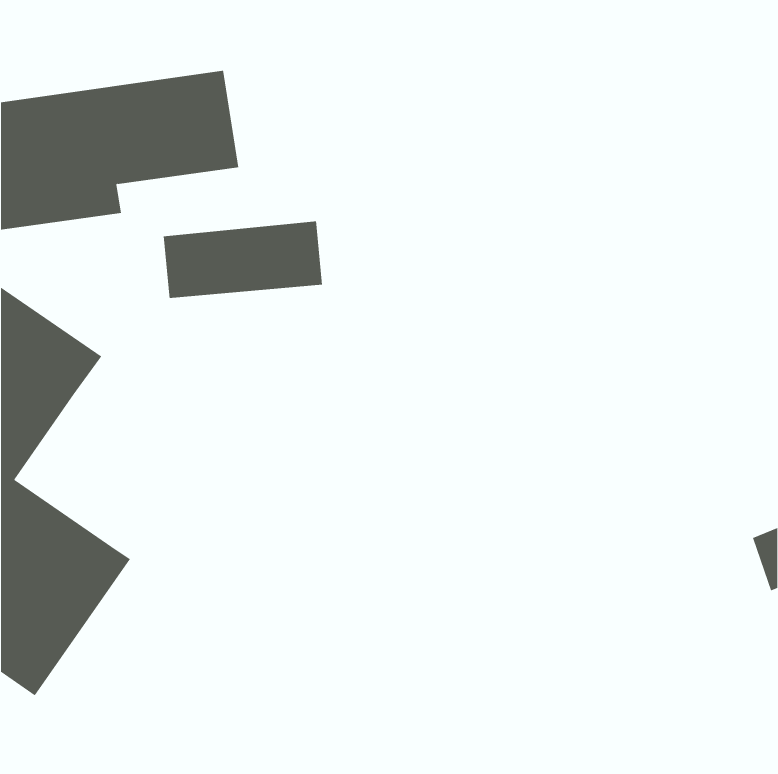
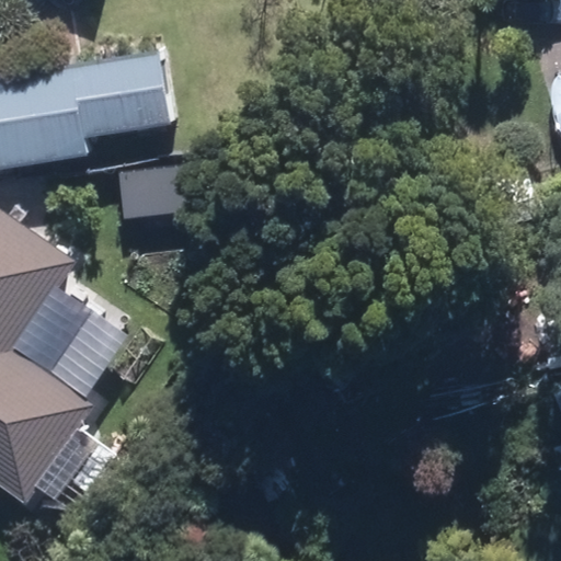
building: none -> [11,287,127,399]

